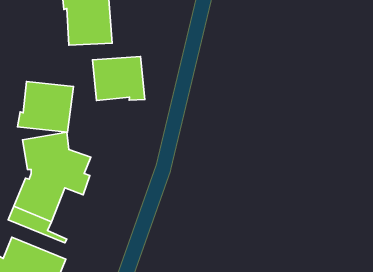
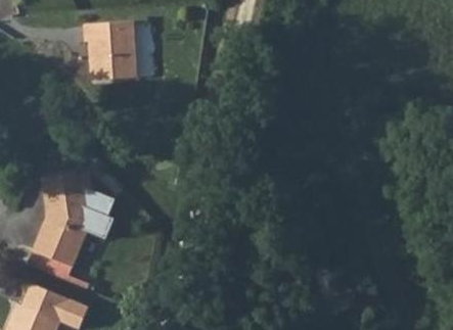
building: [92,56,145,100] -> none
building: [17,81,74,132] -> none

